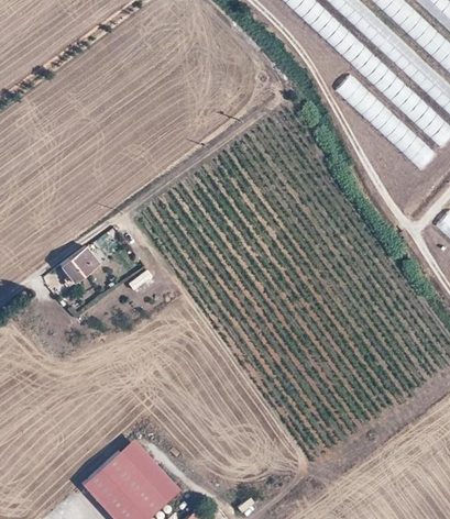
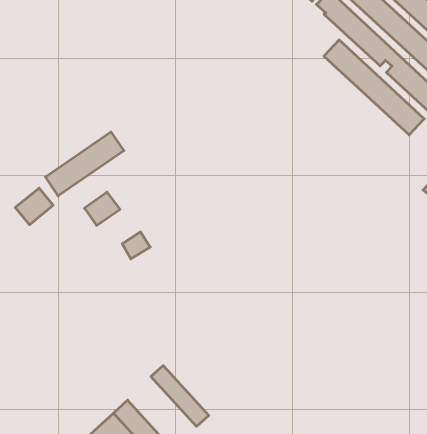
building: none -> [45,132,124,196]
building: [61,245,99,283] -> [15,188,53,225]
building: none -> [151,366,209,426]

